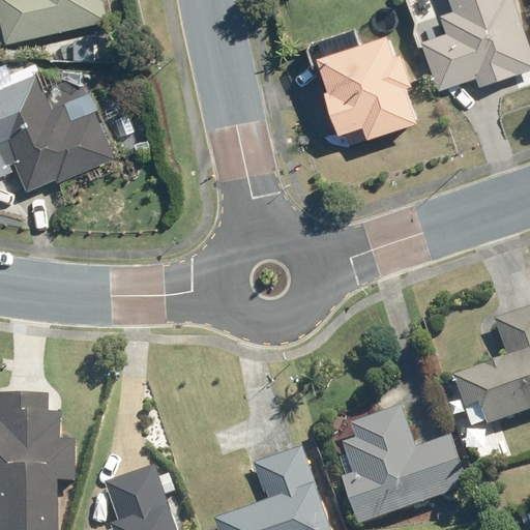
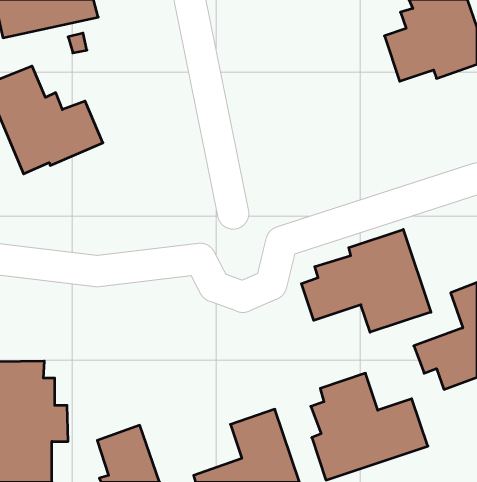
building: [321,33,419,137] -> none
building: none -> [301,229,431,332]

